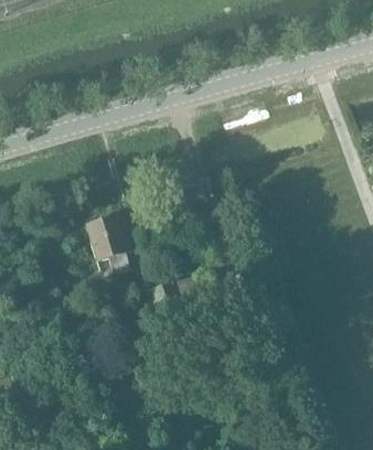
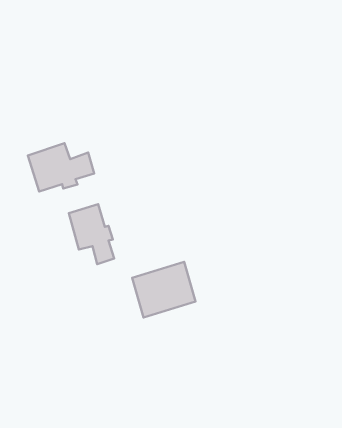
building: none -> [28,143,94,191]

